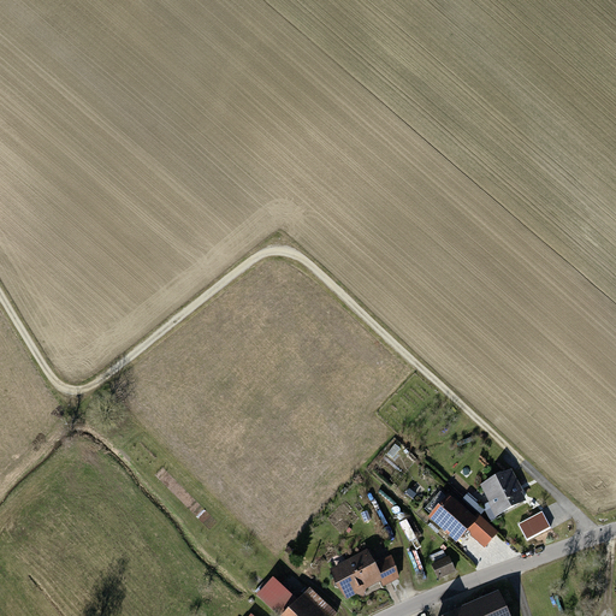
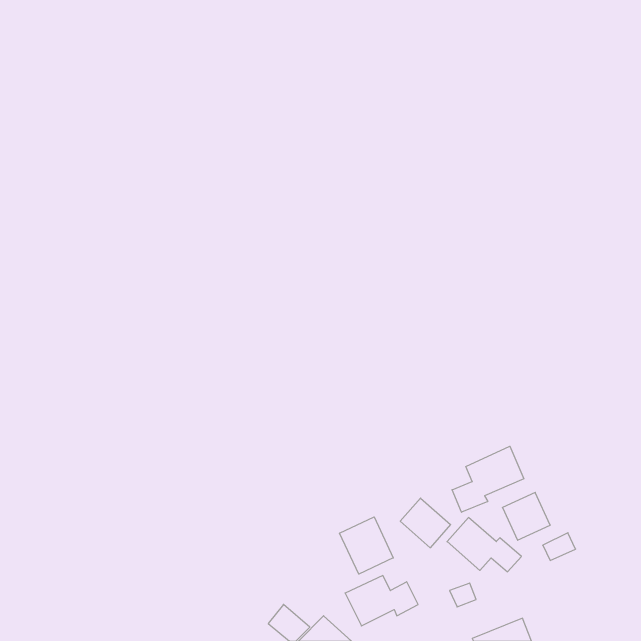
building: none -> [452,446,524,512]
building: none -> [400,498,451,548]
building: none -> [340,517,393,574]

